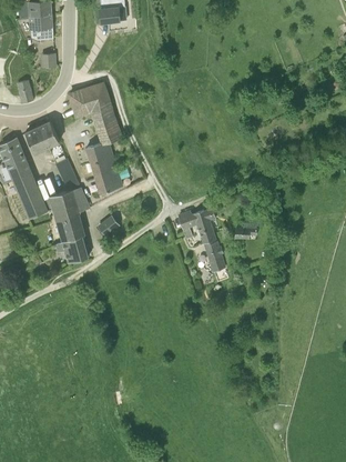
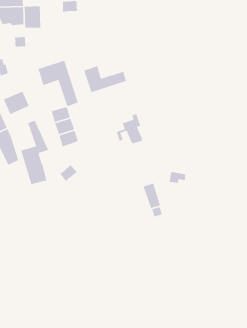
building: none -> [24,6,41,29]
building: none -> [83,65,127,93]
building: [182,202,216,242] -> [116,113,143,145]
building: [53,235,88,262] -> none

